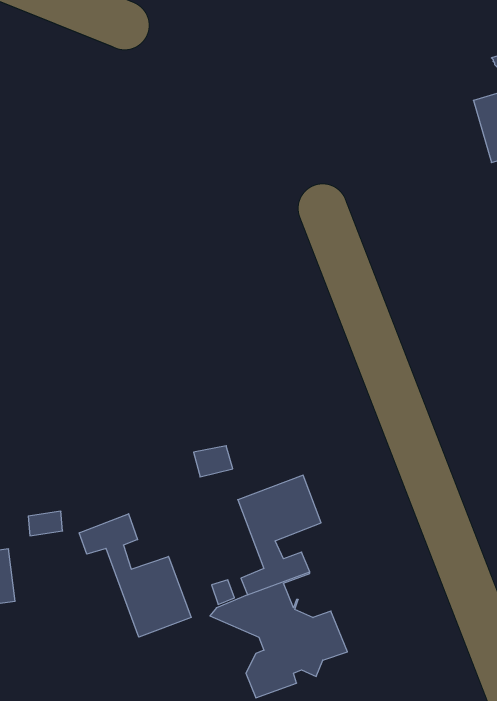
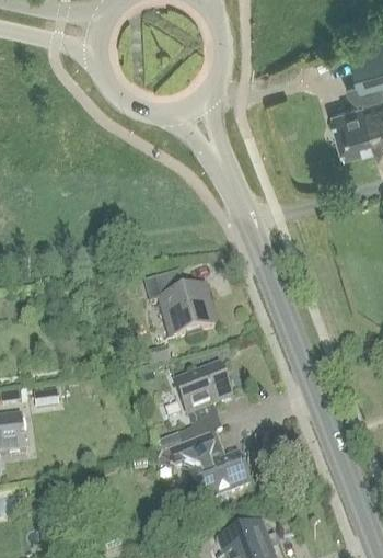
building: none -> [144,271,217,335]
building: [79,514,191,637] -> none

